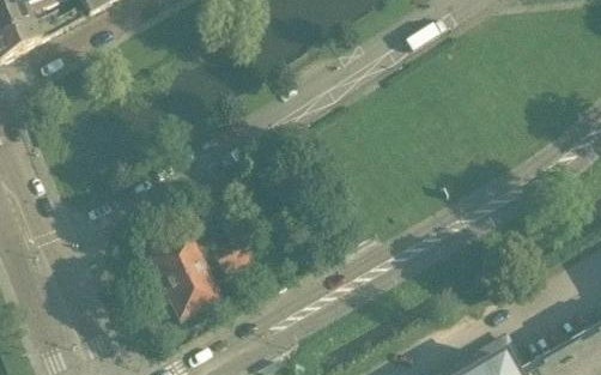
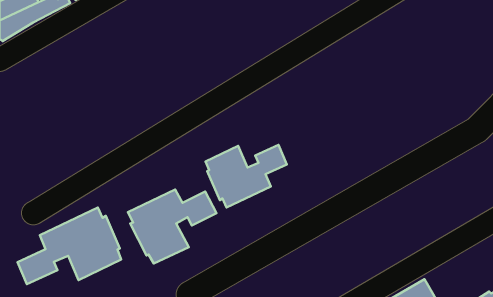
building: none -> [206,145,287,208]
building: none -> [17,207,121,284]

